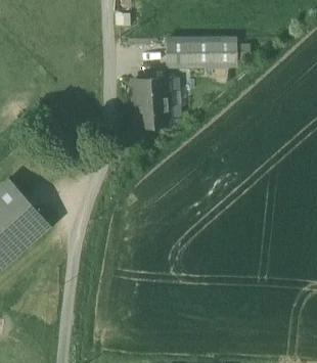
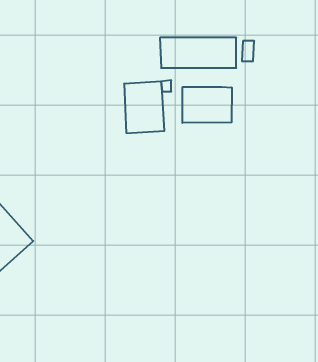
building: none -> [182,87,232,123]

